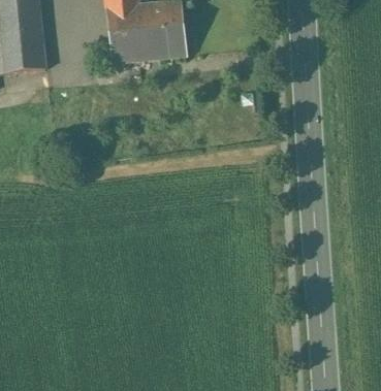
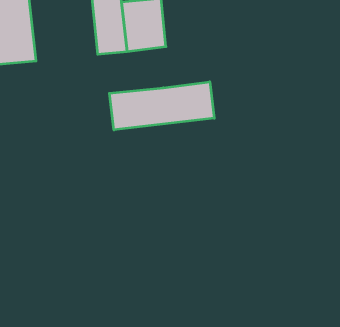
building: none -> [109,82,214,130]

